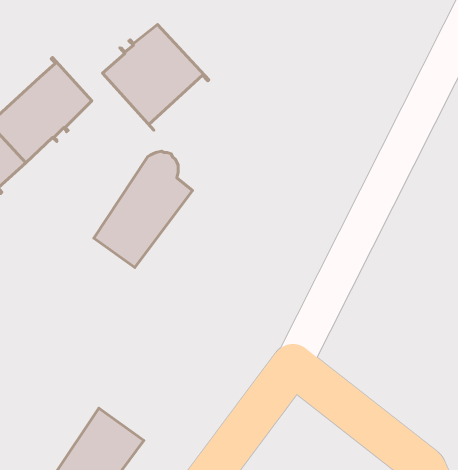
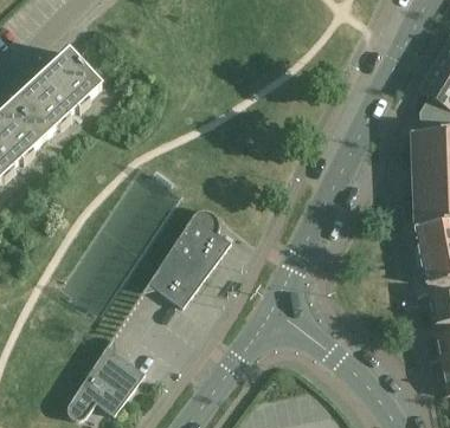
building: [102,24,209,130] -> none
building: [94,151,192,268] -> [148,209,231,307]

